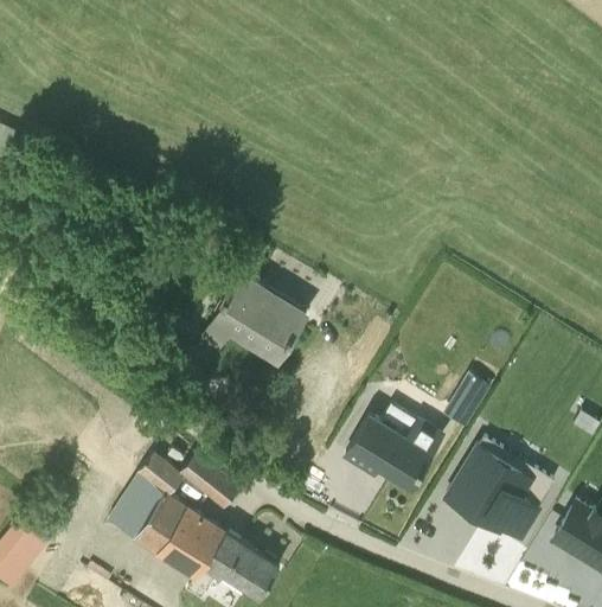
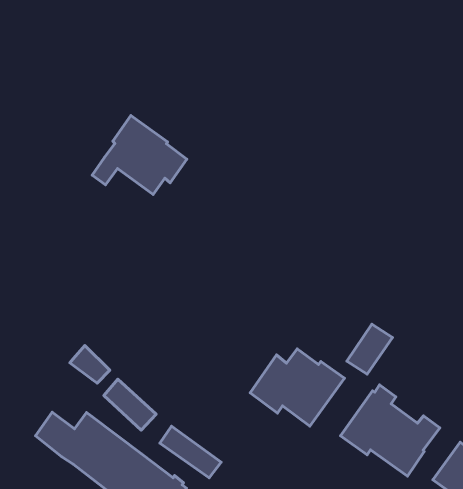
building: [201,271,305,357] -> [92,116,187,195]
building: [136,455,181,496] -> [70,346,110,383]
building: none -> [160,426,221,478]

